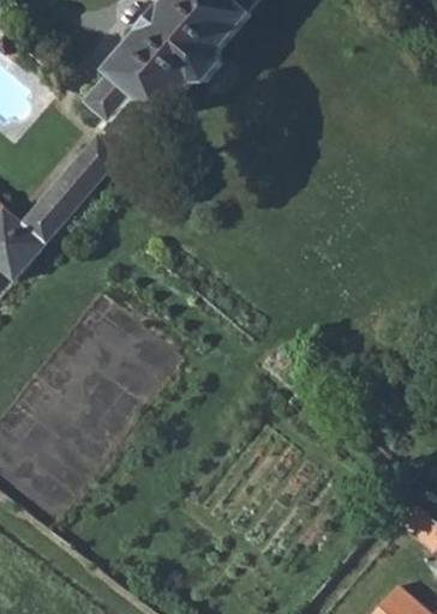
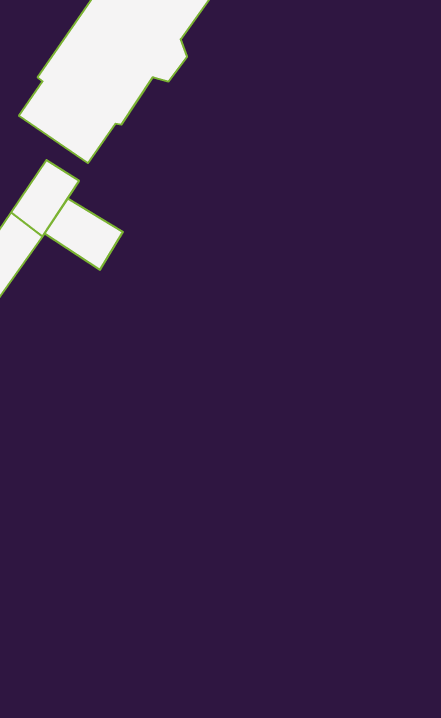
building: none -> [44,198,123,270]

